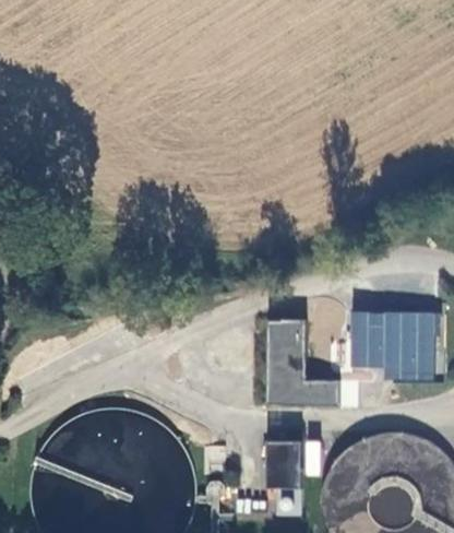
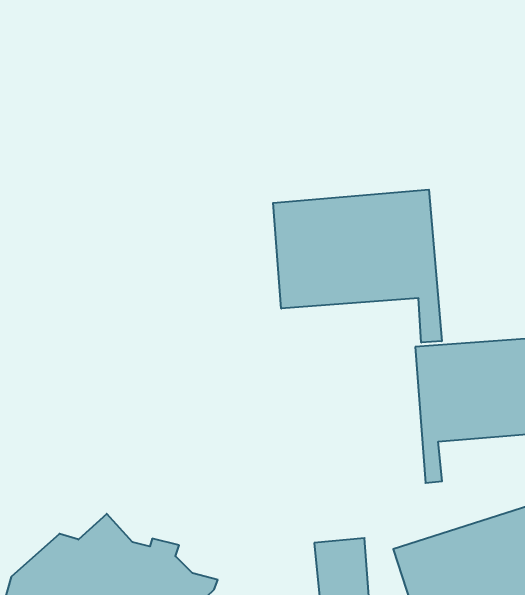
building: none -> [273,190,442,343]
building: [267,319,339,406] -> none

